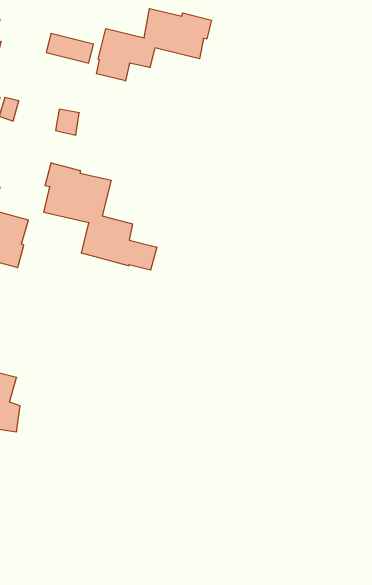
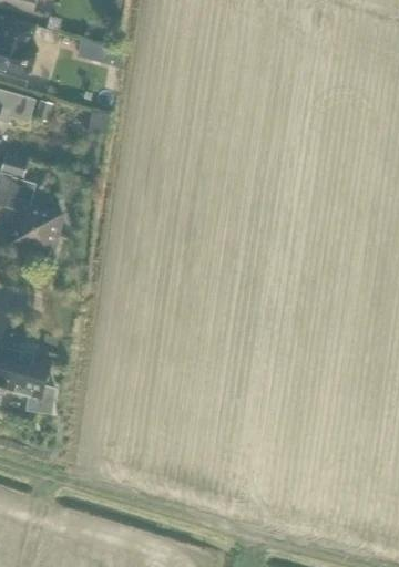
building: [96,8,211,81] -> none
building: [44,163,157,270] -> none

